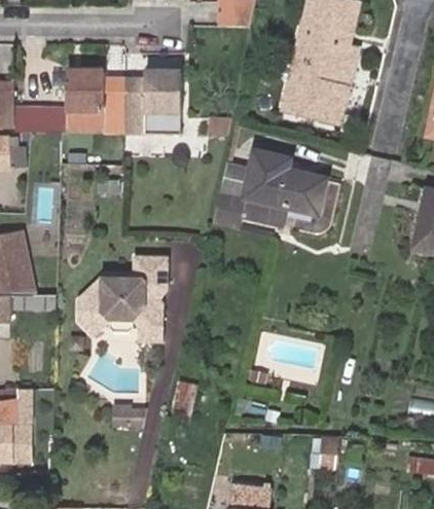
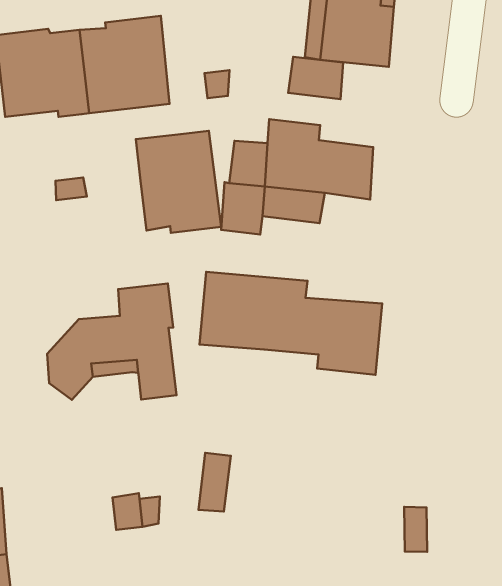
building: none -> [288,57,343,99]
building: none -> [136,131,221,233]
building: none -> [199,272,382,375]

